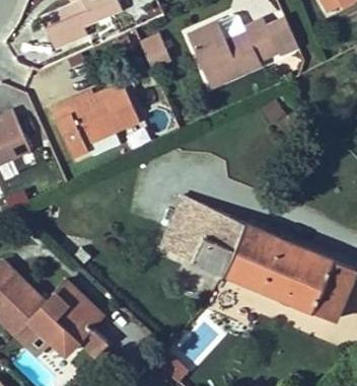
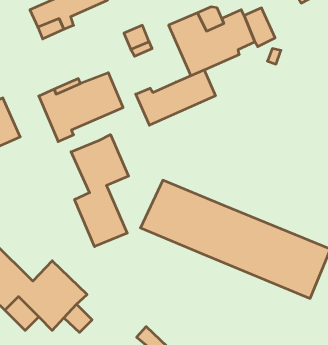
building: none -> [136,70,215,125]
building: none -> [71,135,129,247]

